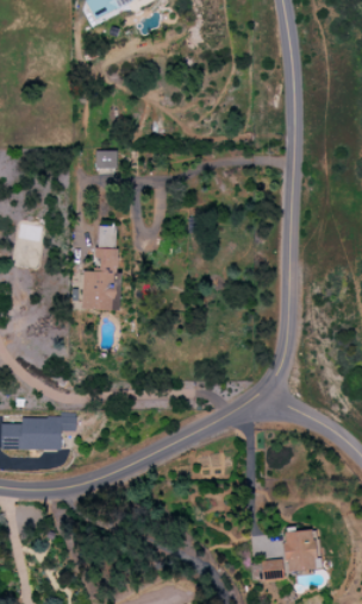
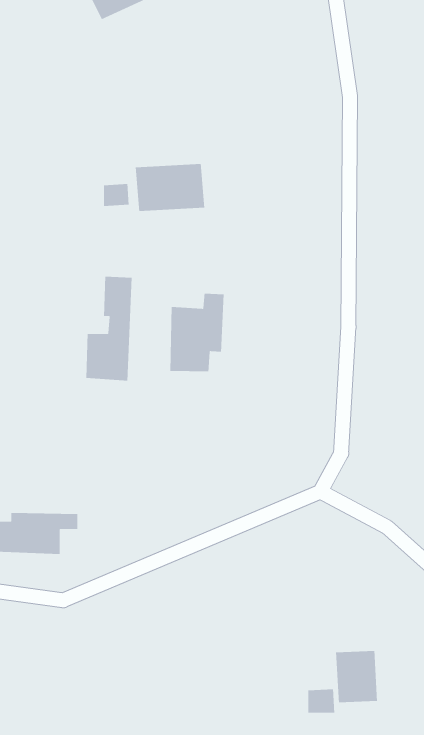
building: none -> [135,163,205,212]
building: none -> [170,293,224,372]

